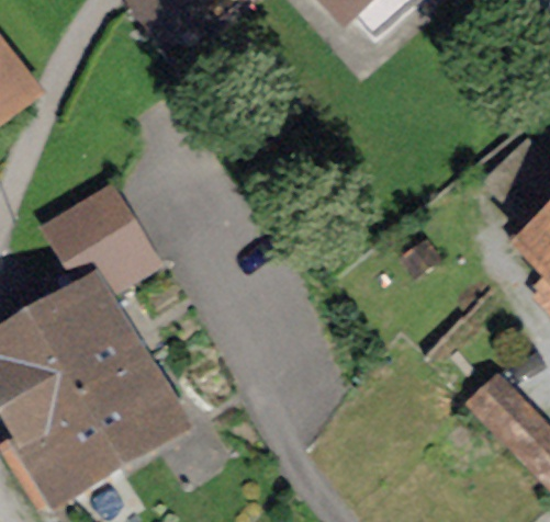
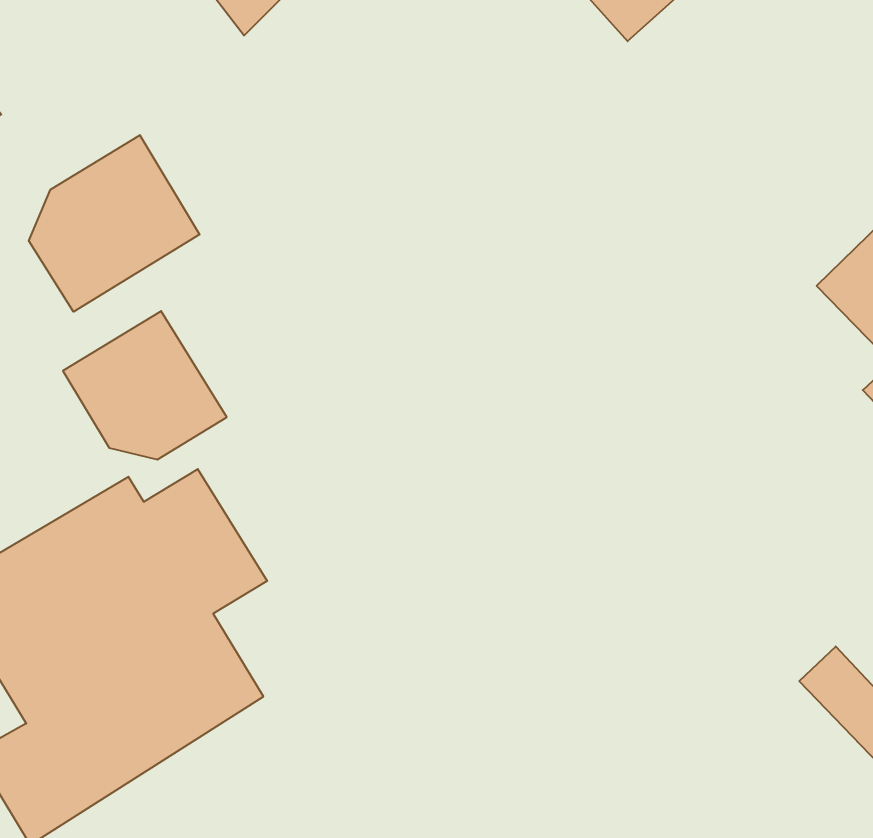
building: none -> [29,135,200,312]

